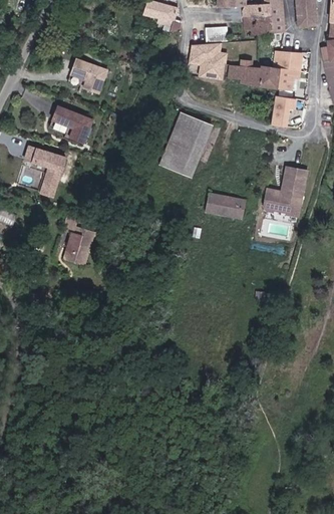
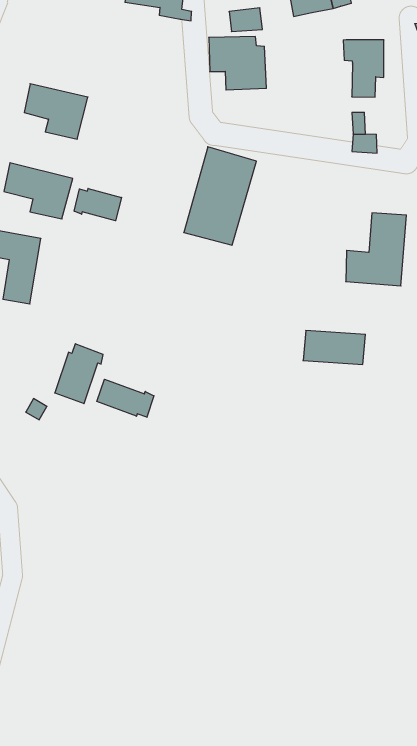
building: [232,63,281,89] -> none
building: none -> [74,188,122,221]
building: [205,192,247,218] -> [303,331,365,364]
building: none -> [97,379,154,417]

